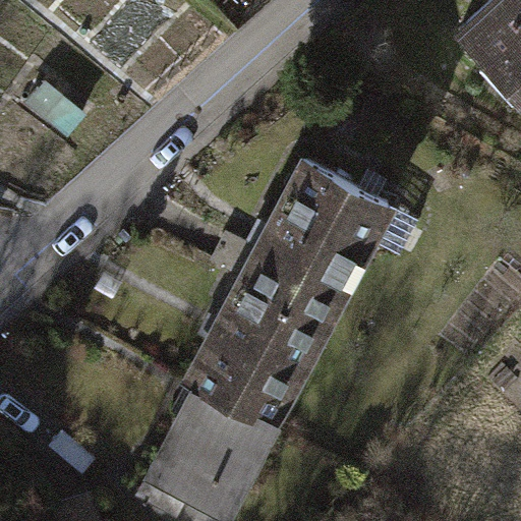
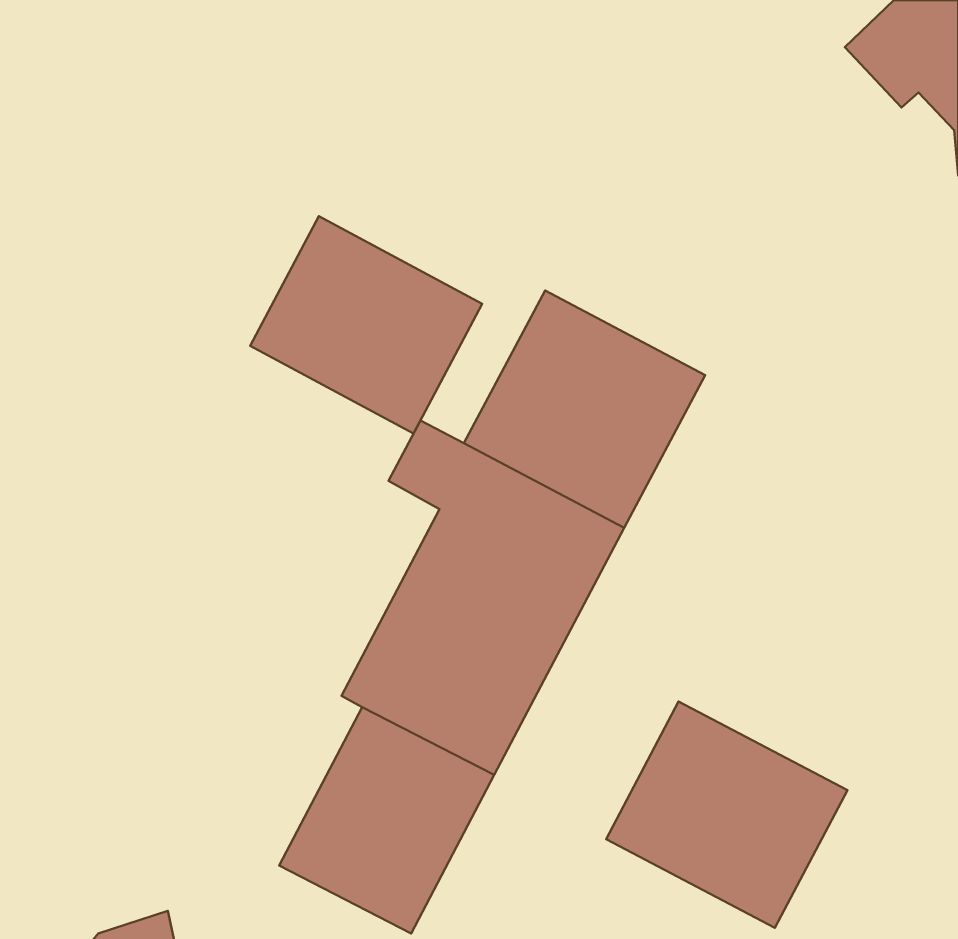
building: none -> [250,216,482,434]
building: none -> [606,702,847,928]

